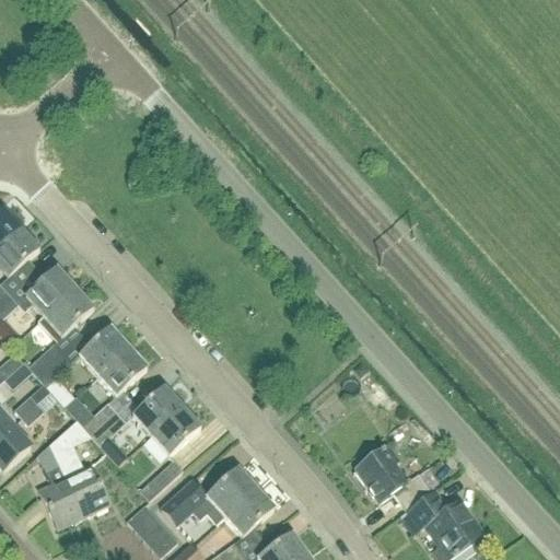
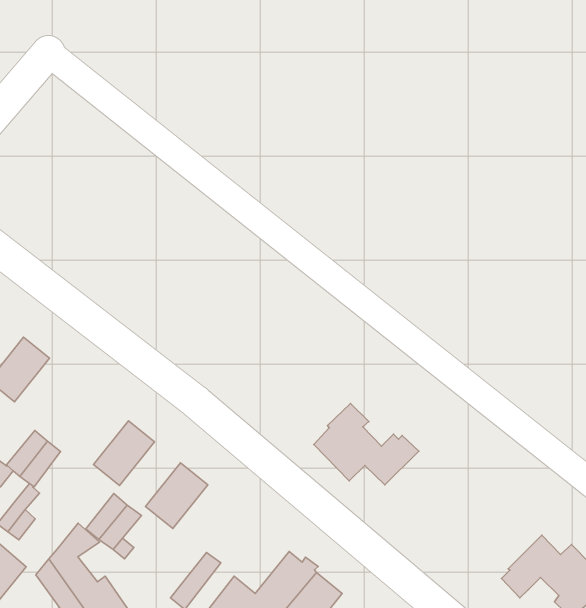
building: [38,285,94,339] -> none
building: [79,325,129,374] -> none
building: [150,405,201,454] -> none
building: [355,441,436,509] -> [314,403,419,485]

